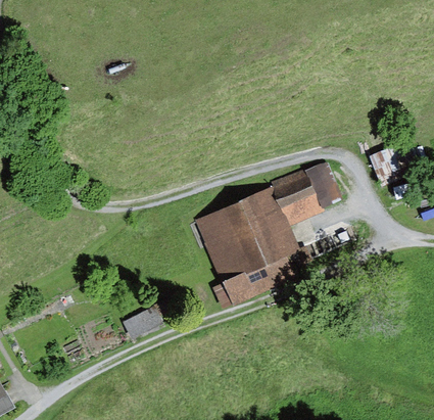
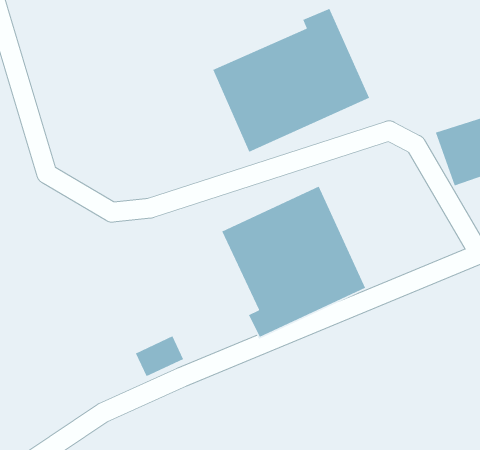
building: none -> [212,8,370,153]
building: [272,162,335,223] -> none

